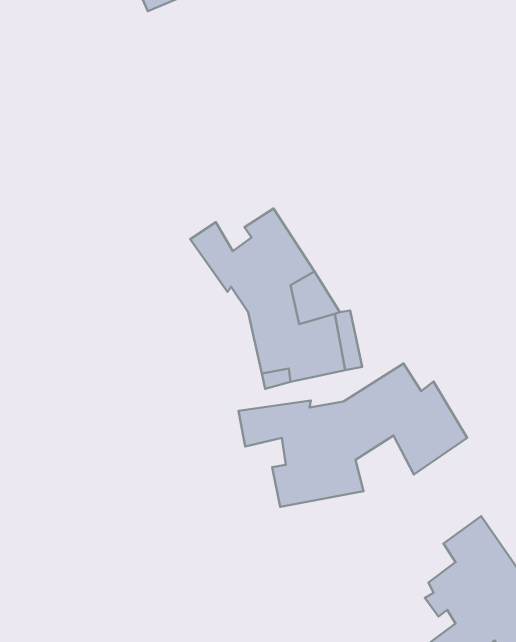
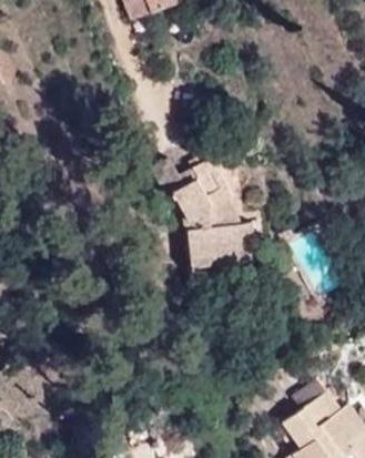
building: [239,364,467,507] -> none

